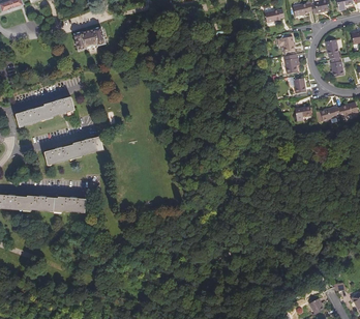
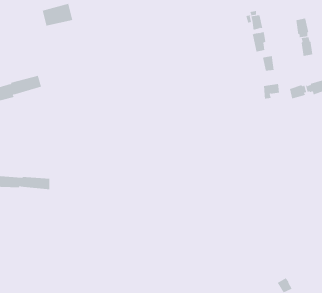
building: [46,137,102,165] -> none

